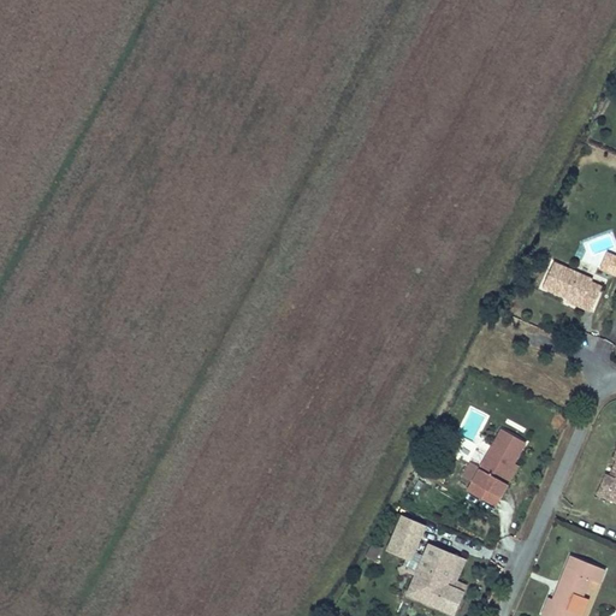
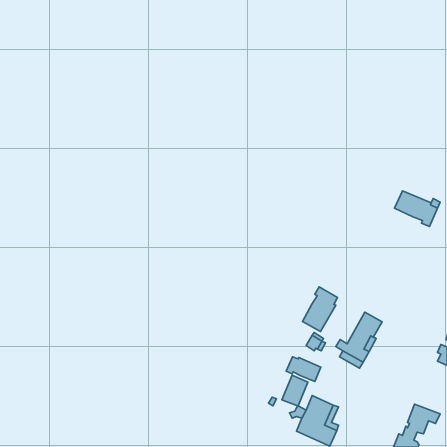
building: none -> [303,287,337,332]
building: none -> [286,357,321,381]

